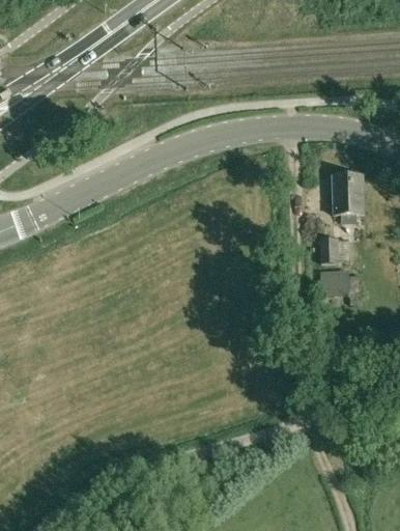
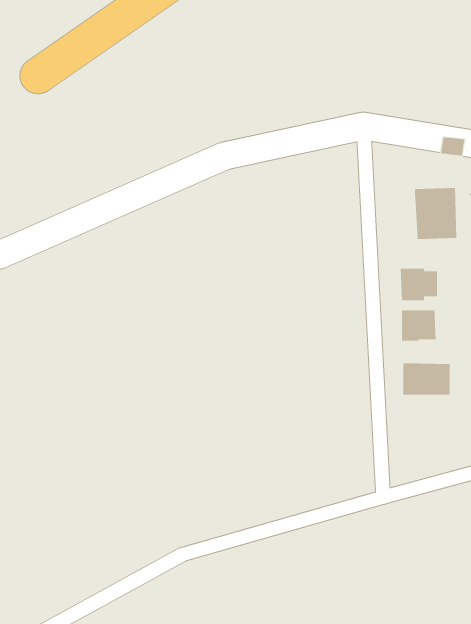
building: none -> [403,363,450,396]

